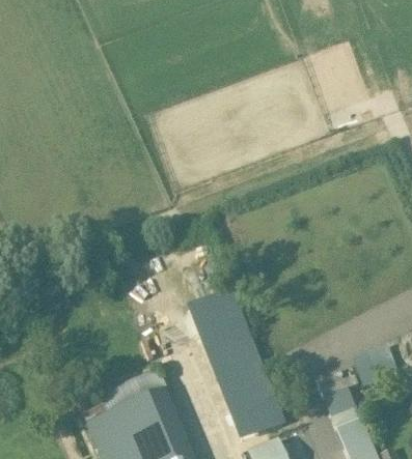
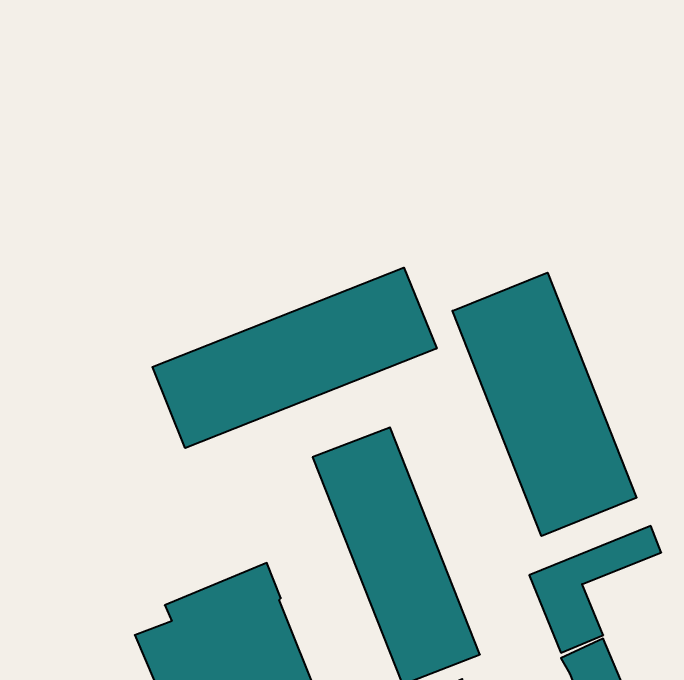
building: none -> [152,268,437,448]
building: none -> [452,273,637,536]

